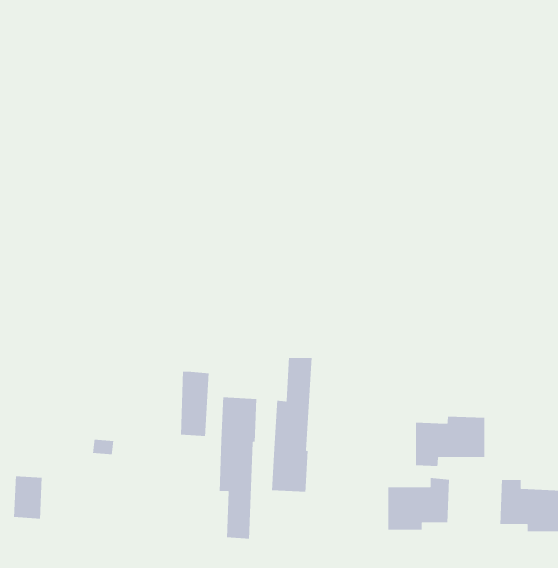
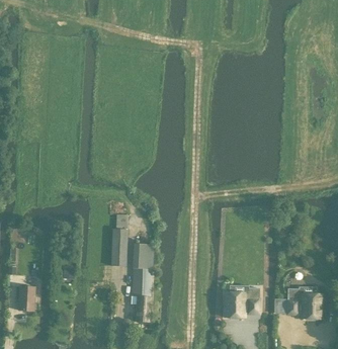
building: [271,357,312,492] -> none
building: [415,416,485,467] -> none

